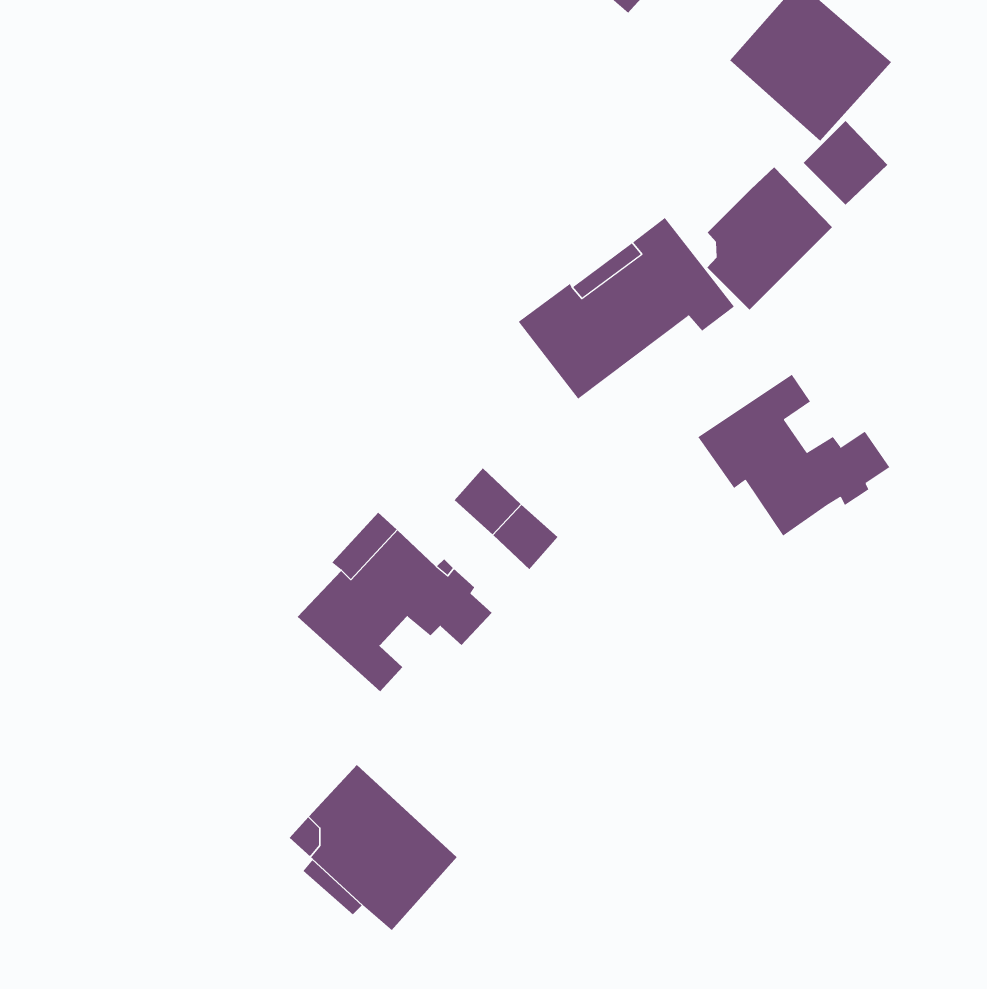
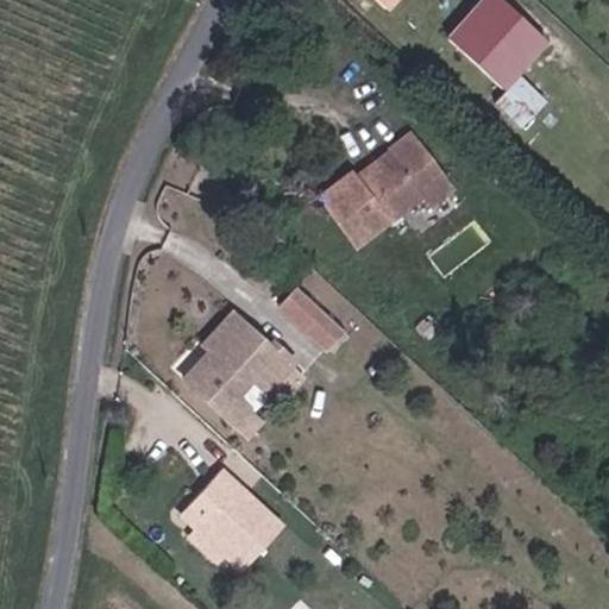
building: [706,167,833,310] -> none
building: [698,374,890,536] -> none

